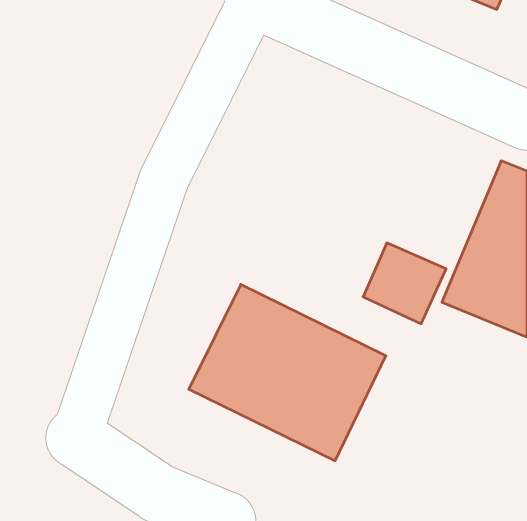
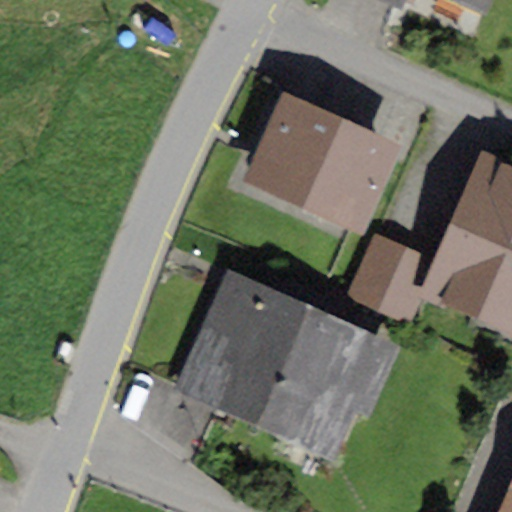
building: none -> [246,96,398,229]

